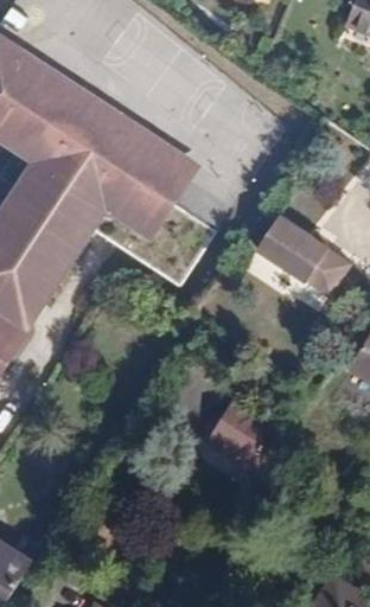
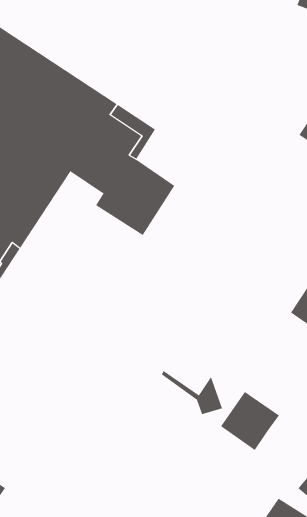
building: [256,217,347,298] -> none
building: [208,396,274,462] -> [220,391,280,451]

